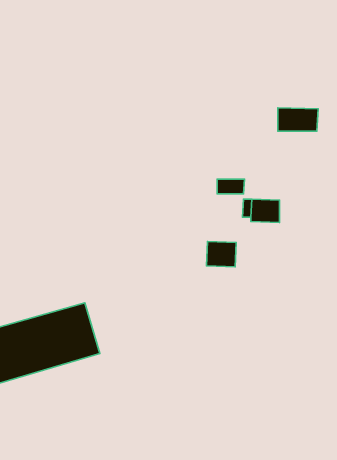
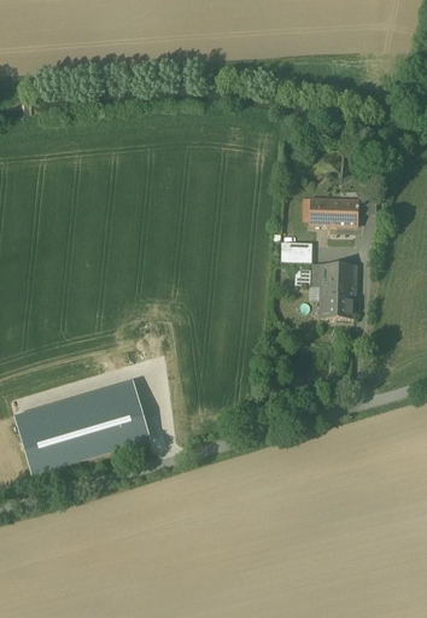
building: [278,108,318,131] -> [310,198,356,225]
building: [206,241,236,267] -> [320,288,353,317]

